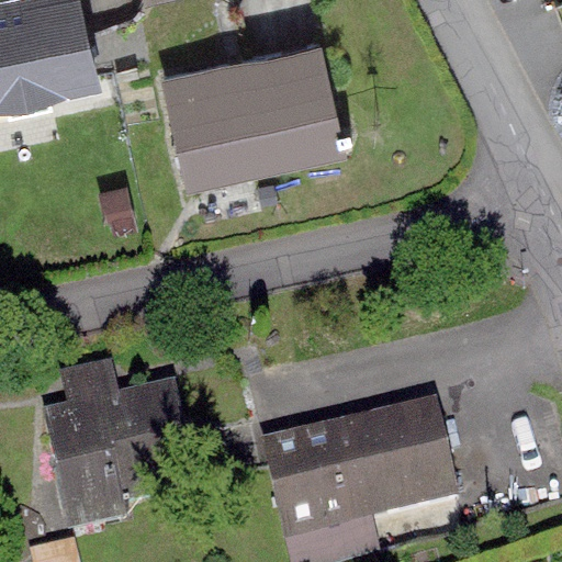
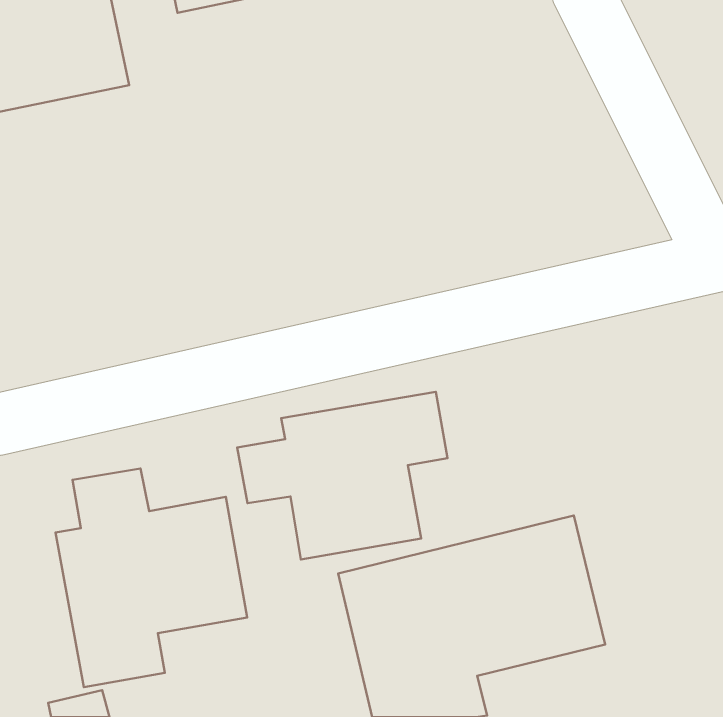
building: [159,36,340,187] -> none
building: none -> [237,392,448,560]

